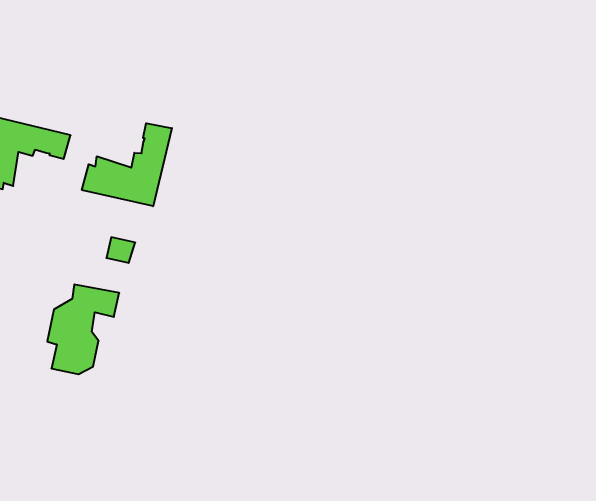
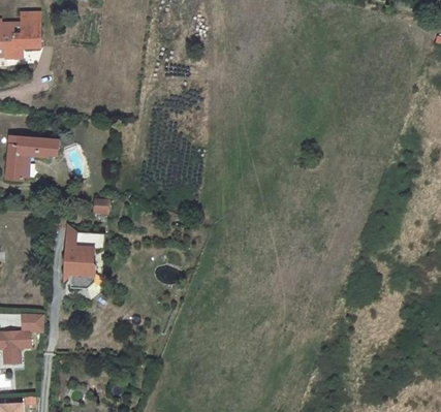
building: [82,123,172,206] -> none

